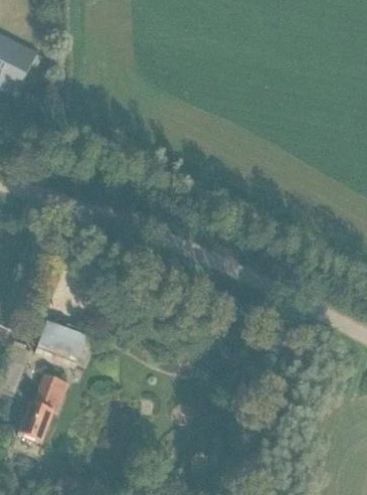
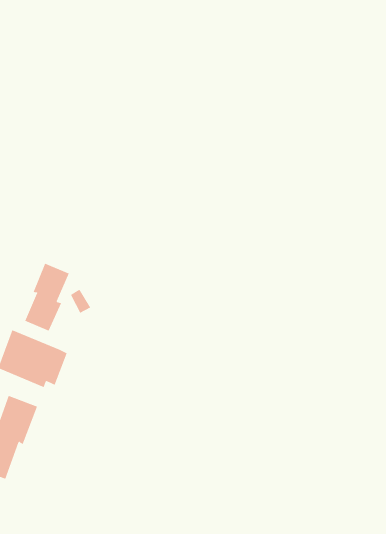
building: none -> [24,263,69,332]

